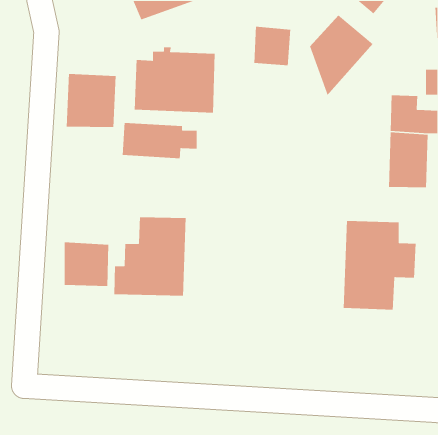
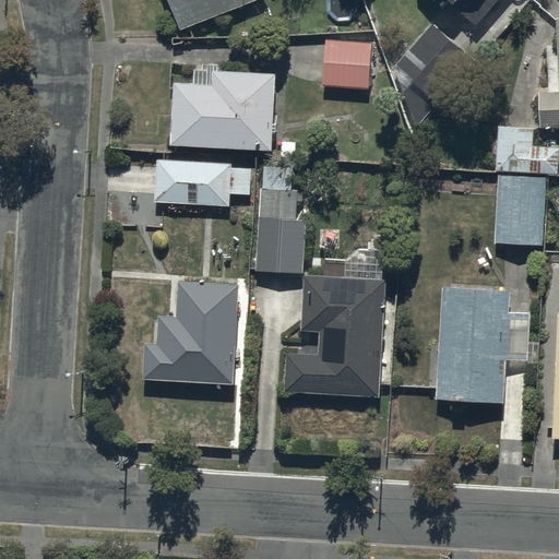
building: [66,73,116,128] -> none
building: none -> [258,188,306,272]
building: none -> [286,276,384,394]
building: [64,242,109,287] -> none

